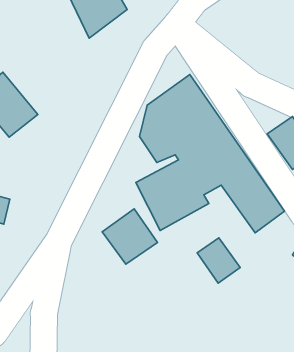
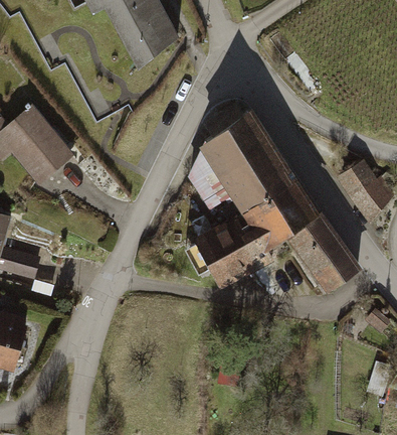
building: [102,209,158,264] -> none
building: [197,238,240,283] -> none

